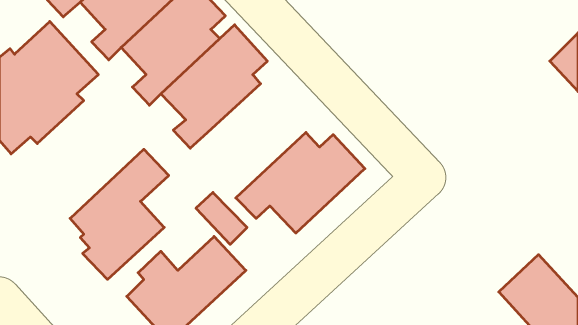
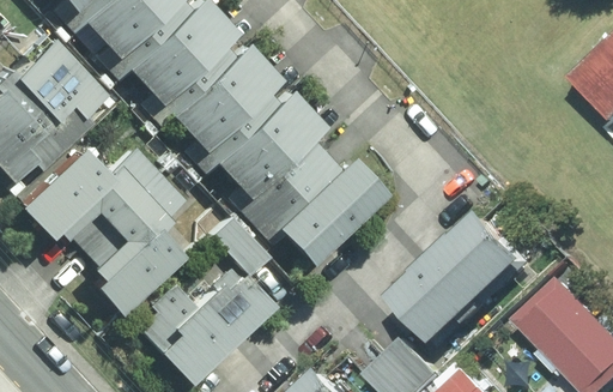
building: none -> [216,88,324,221]
building: none -> [16,145,152,242]
building: none -> [405,215,535,338]

